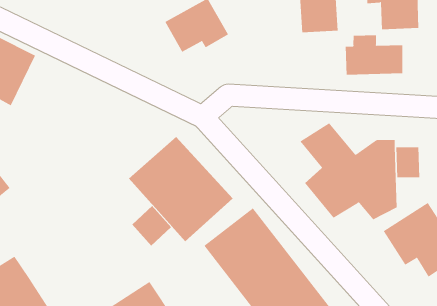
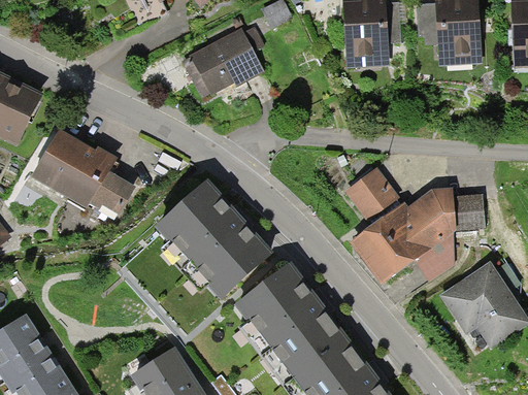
building: [345,35,403,76] -> none
building: none -> [32,127,133,213]
building: [131,205,172,246] -> none

